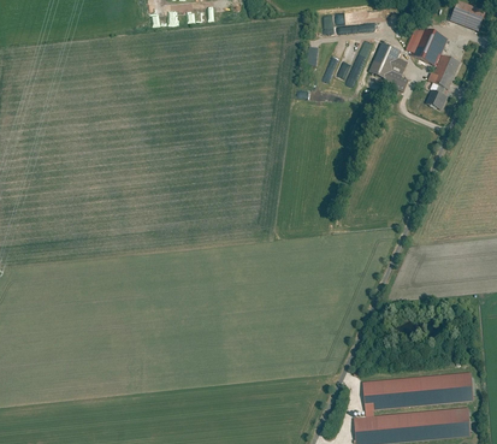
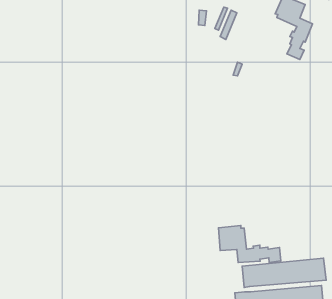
building: [368,42,407,91] -> none
building: none -> [218,225,281,263]

